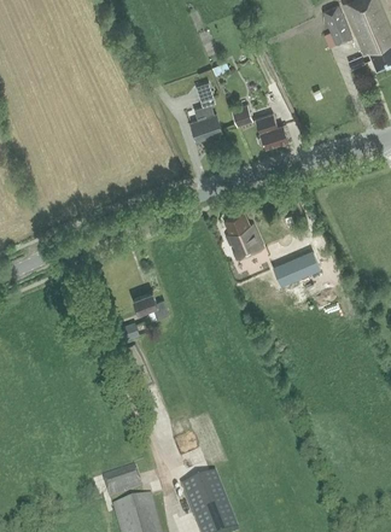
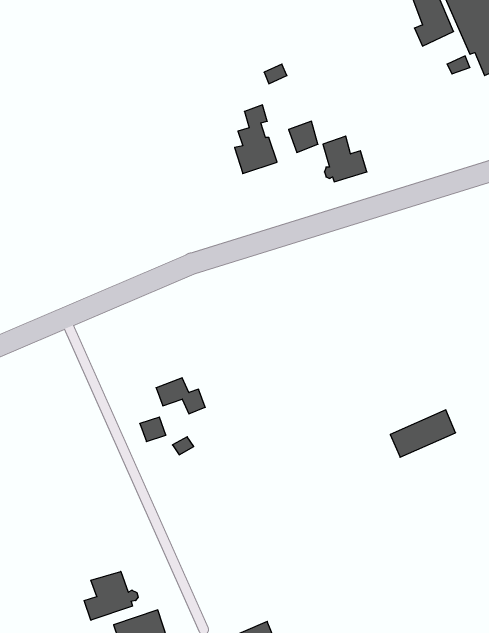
building: [212,212,263,261] -> none
building: [273,252,321,287] -> [390,410,456,457]
building: none -> [84,571,138,620]

